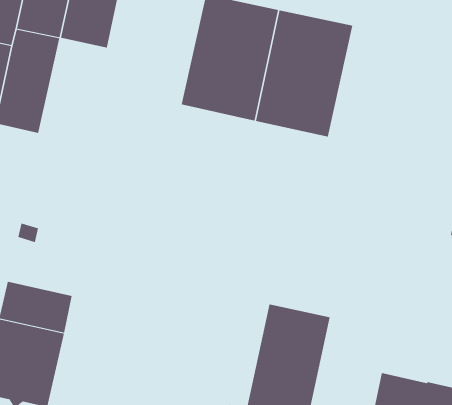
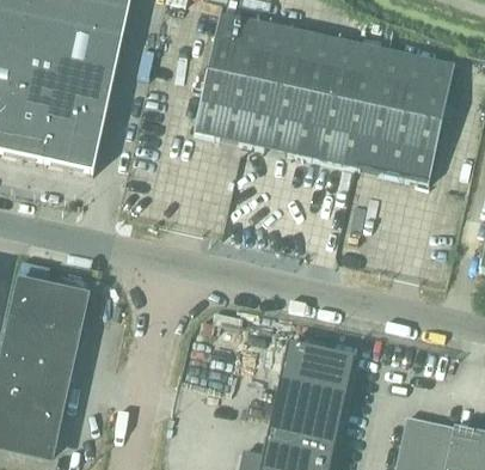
building: none -> [350,45,454,181]
building: none -> [43,59,116,171]
building: none -> [10,277,88,332]

